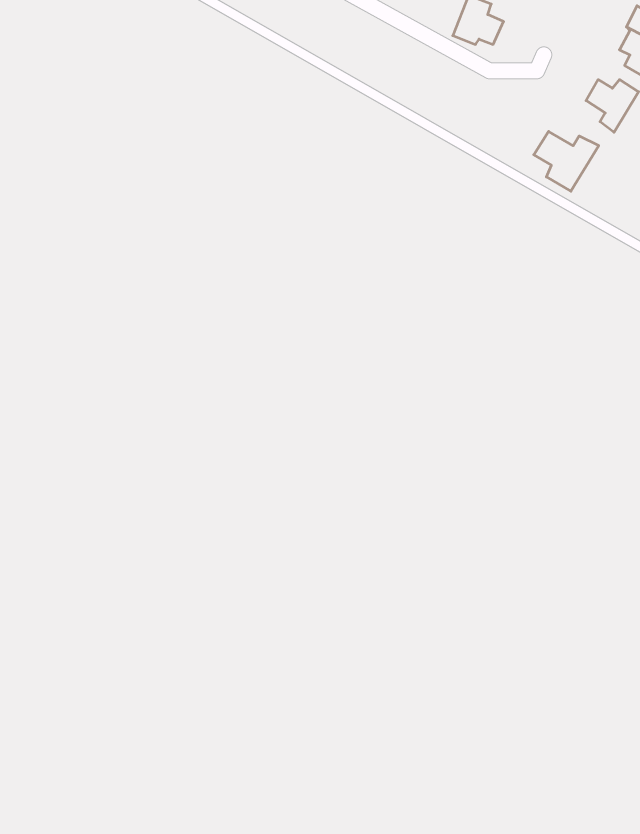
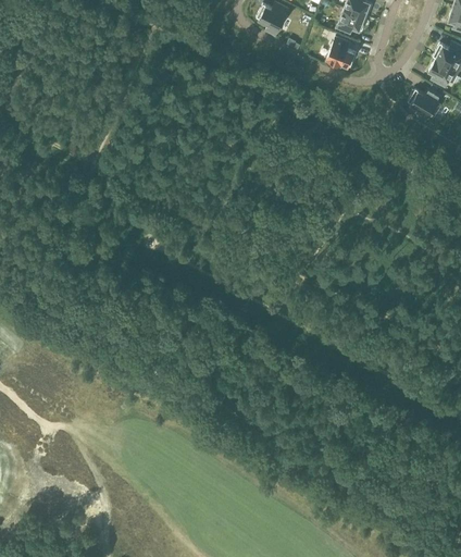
building: [534,131,599,191] -> none

